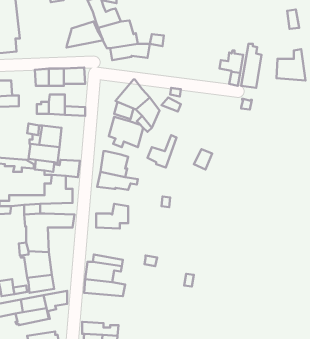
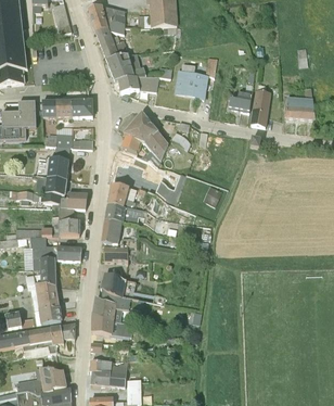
building: [67,22,103,48] -> none
building: none -> [174,56,217,97]
building: none -> [17,102,36,128]
building: none -> [100,220,121,248]
building: none -> [100,274,134,295]

